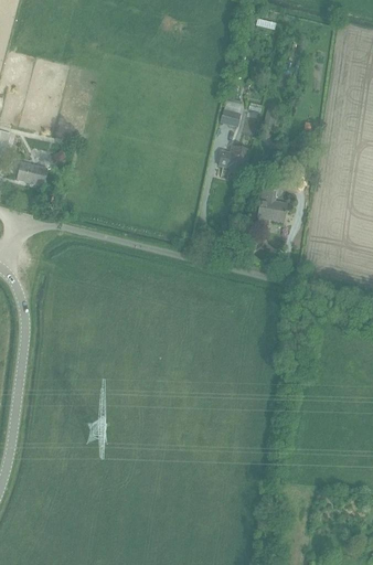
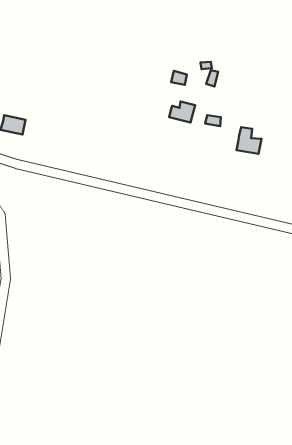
building: [257,189,287,221] -> [236,127,261,154]

